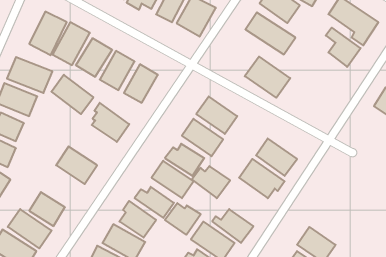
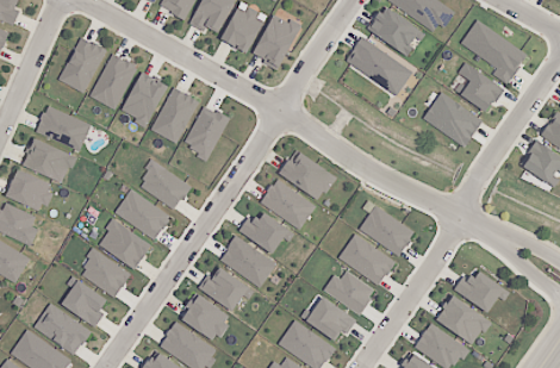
building: [245,57,290,98] -> [421,91,481,145]
building: [51,75,93,114] -> [117,191,173,243]
building: [192,166,230,198] -> [325,274,377,317]
building: none -> [85,249,135,301]
building: none -> [455,275,509,317]
building: [165,203,201,235] -> none
building: none -> [438,299,490,345]

